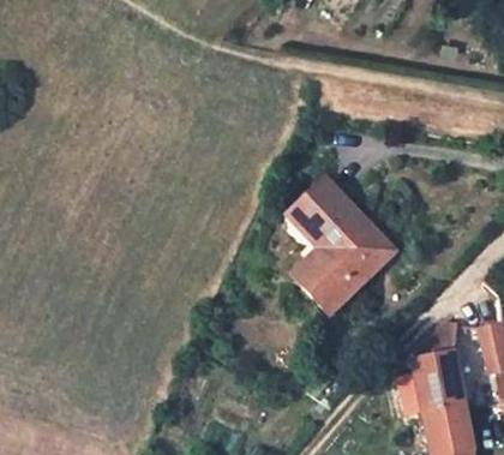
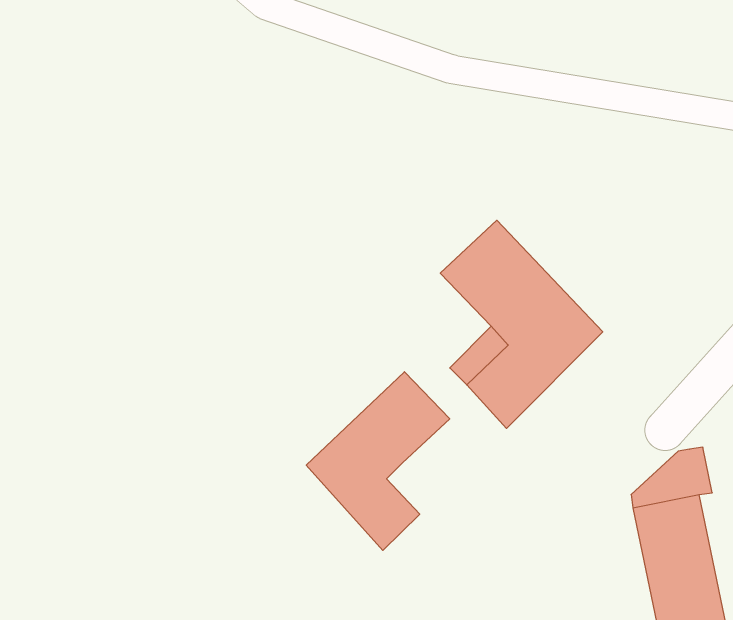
building: none -> [306,372,450,550]

